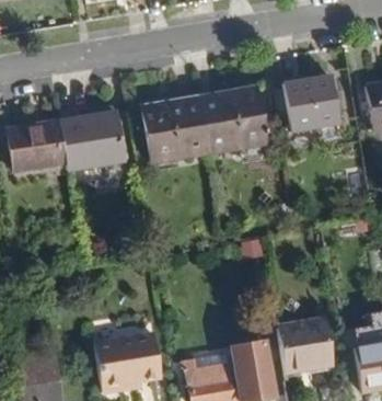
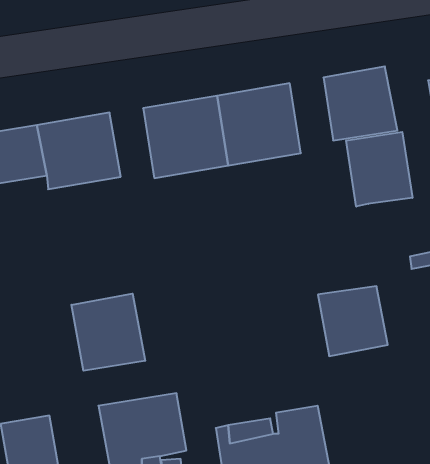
building: none -> [346,132,412,207]
building: none -> [71,294,145,371]
building: [282,319,337,374] -> [318,286,388,356]

